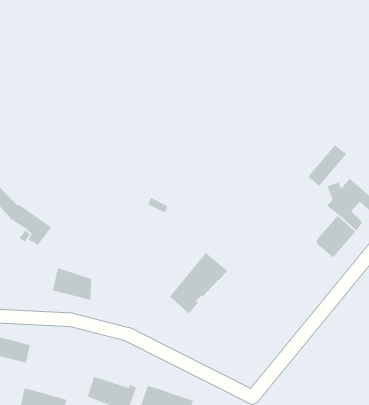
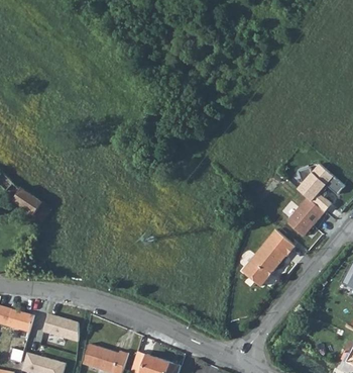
building: [308,144,347,187] -> none
building: [169,252,228,314] -> [242,230,296,287]
building: [52,267,92,301] -> [41,312,78,343]

